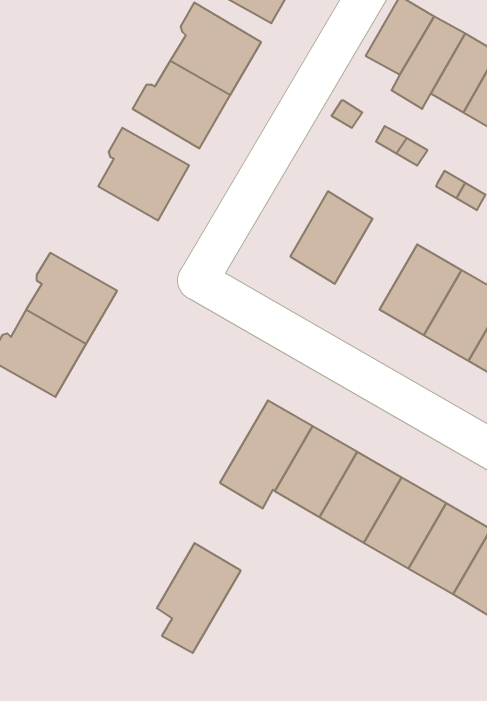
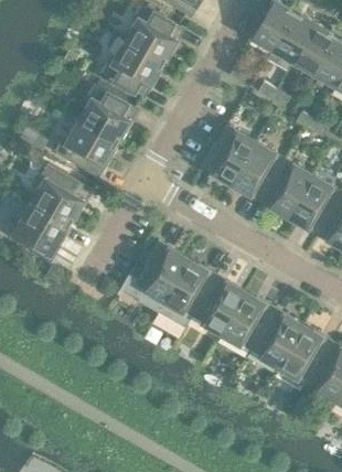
building: none -> [55,121,118,178]
building: none -> [232,142,285,201]
building: [157,543,241,653] -> [135,242,189,312]

